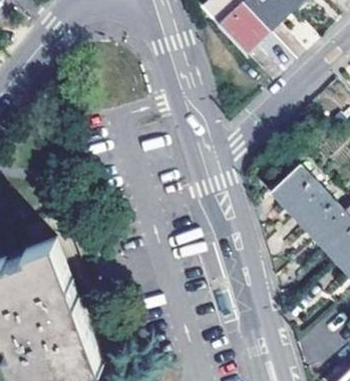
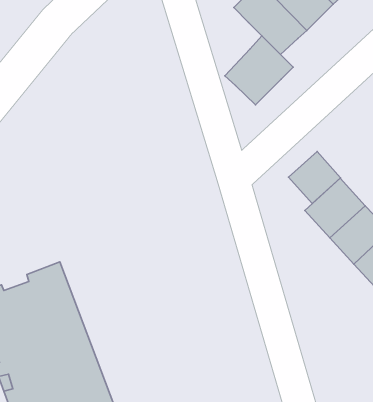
building: none -> [225,36,293,105]
building: none -> [289,151,341,204]

